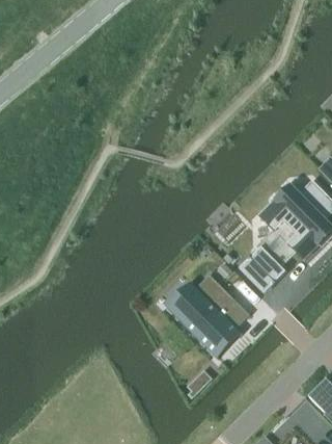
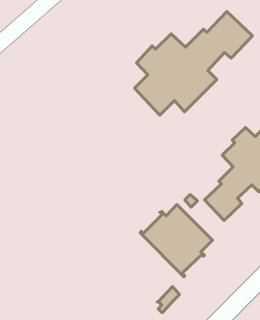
building: none -> [134,11,252,115]

